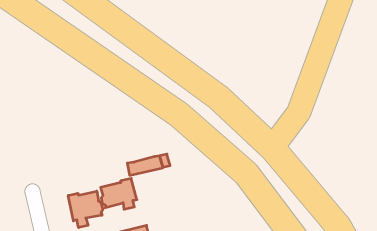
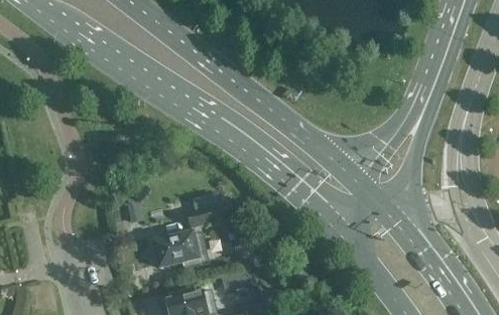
building: [68,191,103,228] -> none

